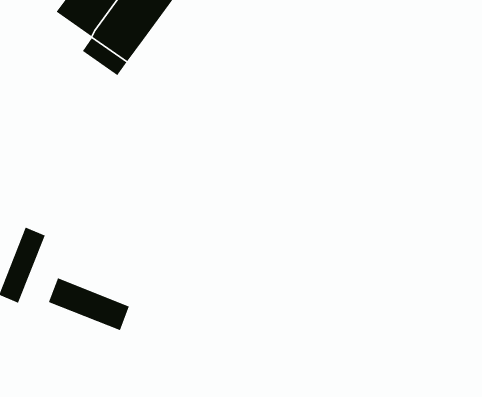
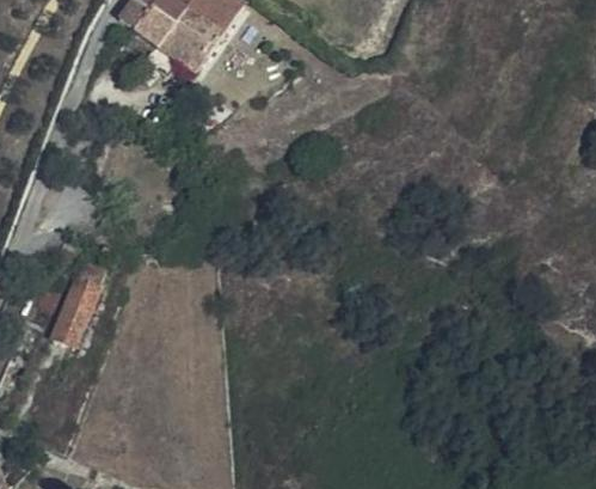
building: [48,277,130,331] -> none

